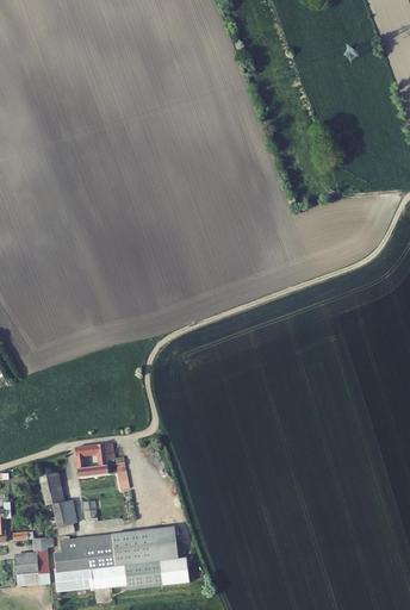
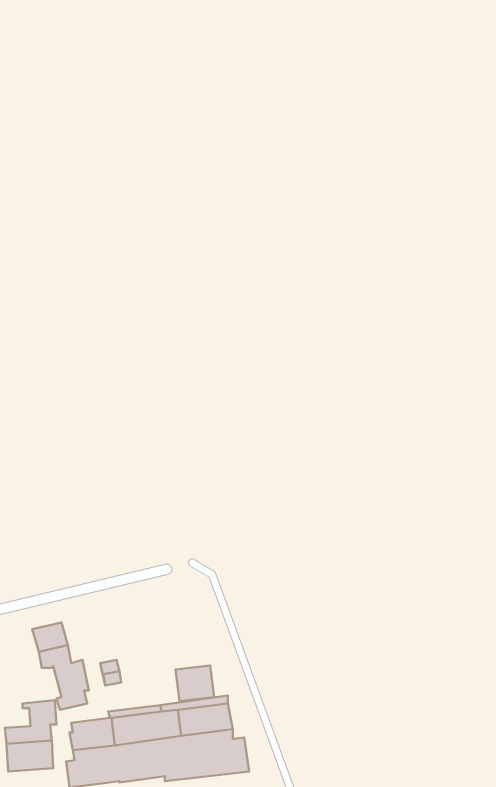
building: [72,441,112,475] -> none
building: none -> [176,666,214,701]

